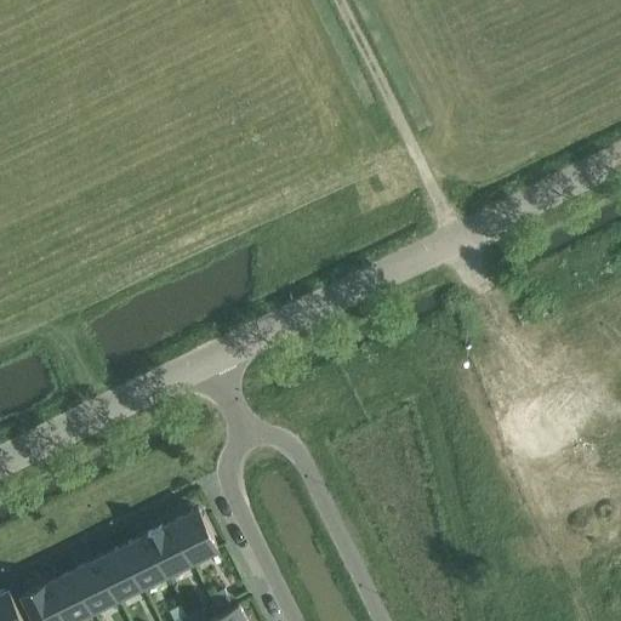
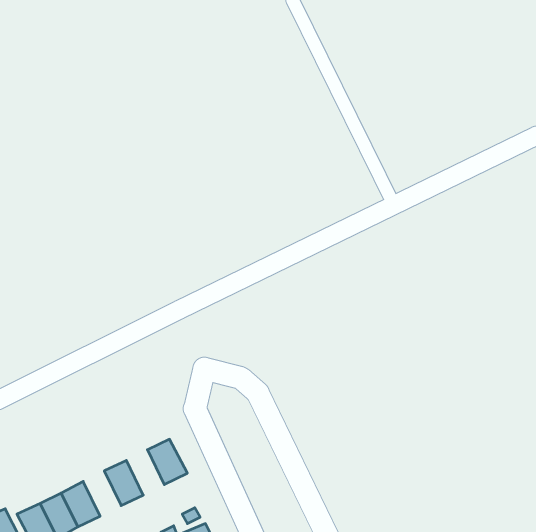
building: [146,525,189,577] -> none
building: [96,549,139,602] -> none

